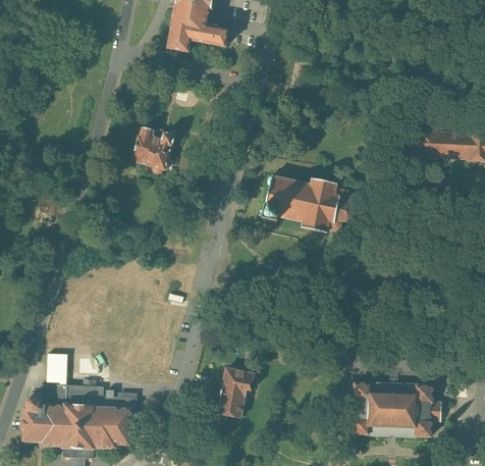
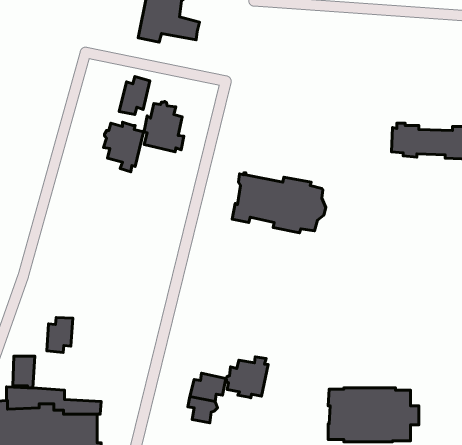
building: none -> [119,77,150,115]
building: none -> [143,101,184,152]
building: none -> [47,318,73,352]
building: none -> [226,357,268,398]

